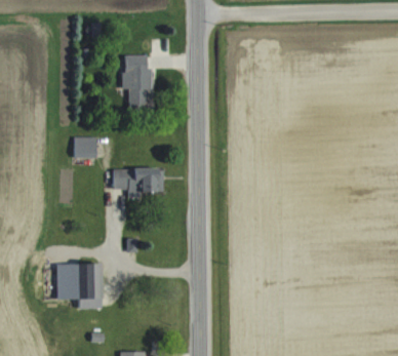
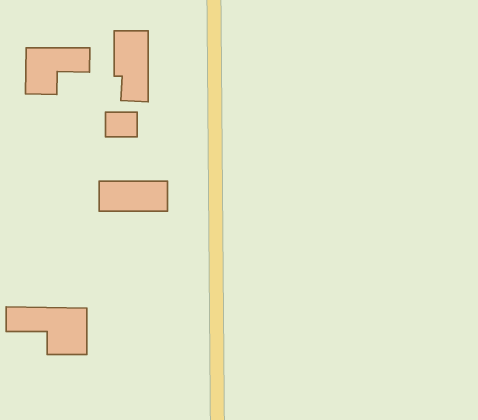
building: none -> [26,48,90,95]
building: [74,139,97,157] -> [106,112,137,137]

